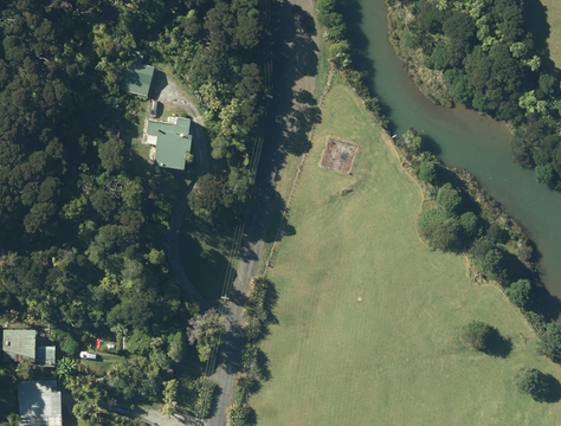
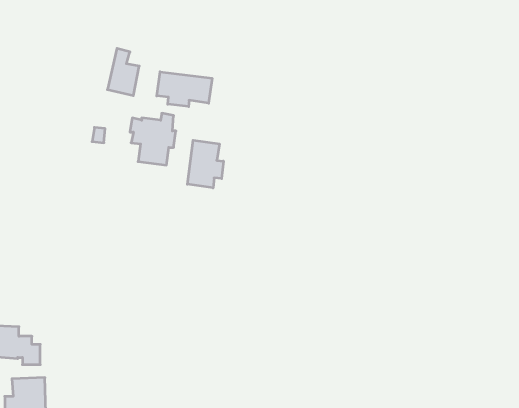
building: none -> [157,72,212,107]
building: none -> [187,140,223,188]

